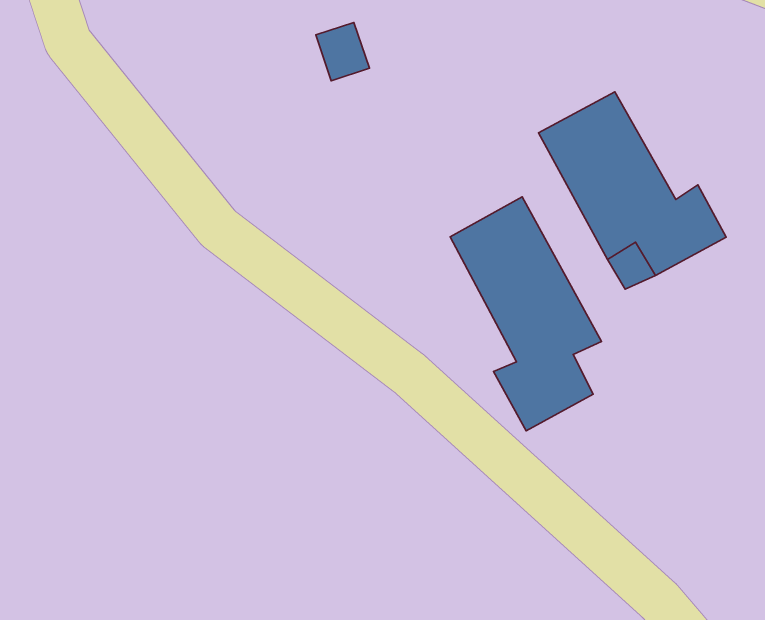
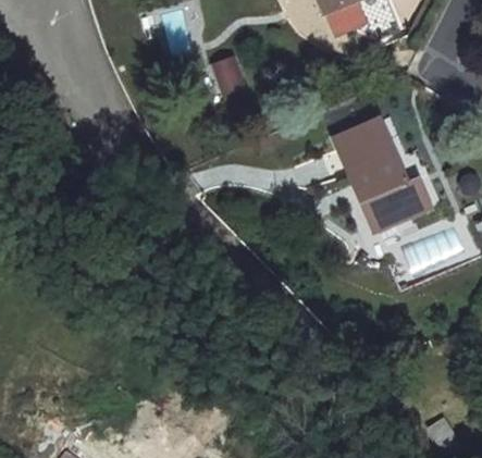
building: [450,197,601,431] -> none

